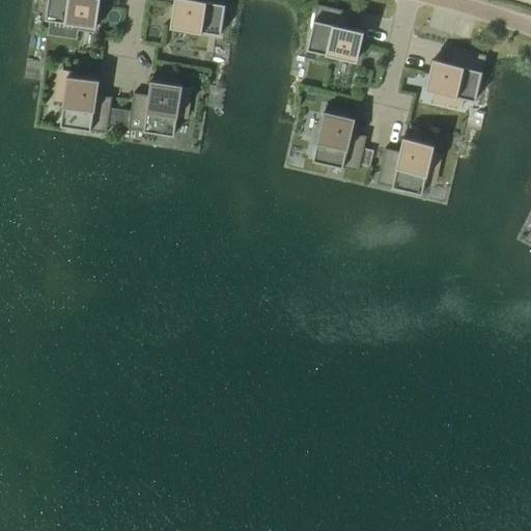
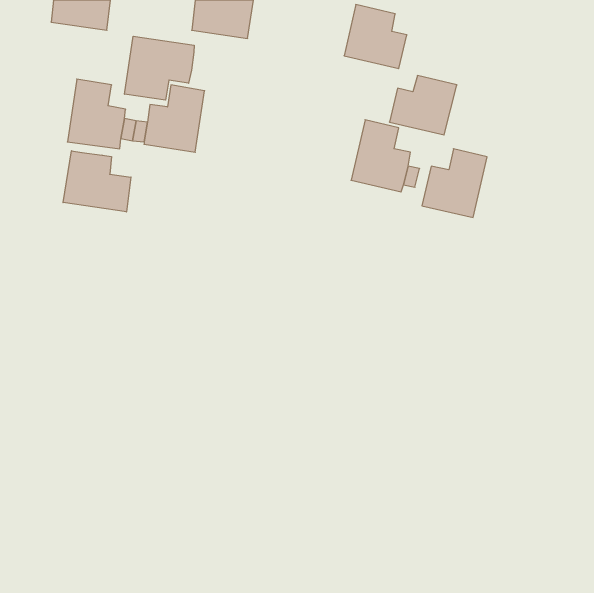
building: none -> [125,36,194,100]
building: [426,49,486,102] -> [389,76,457,135]
building: none -> [63,151,131,212]

